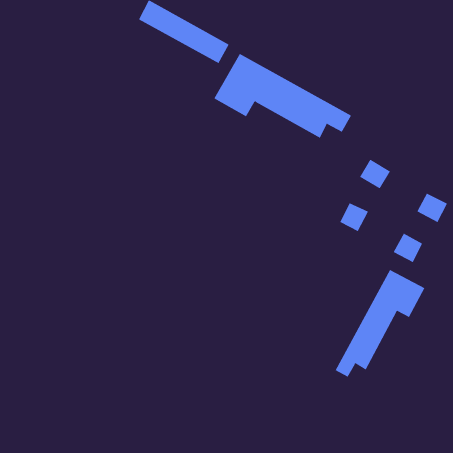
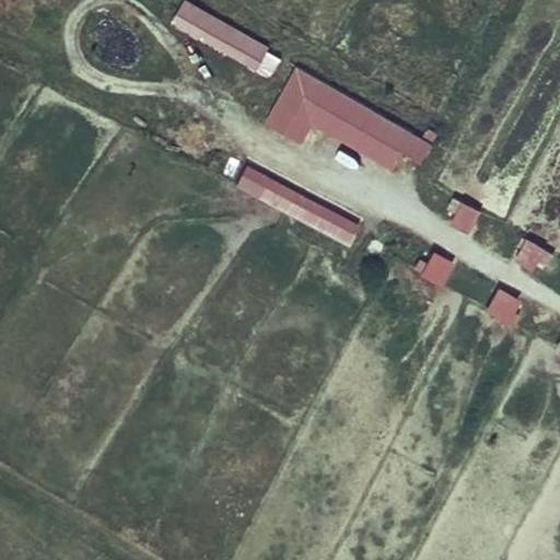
building: none -> [233,165,362,247]
building: [335,269,425,377] -> none

